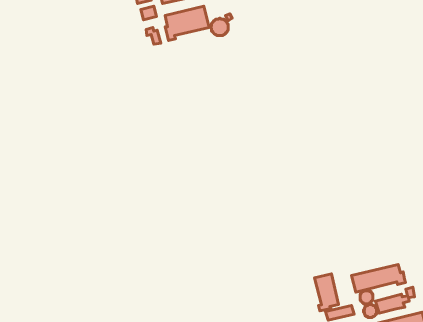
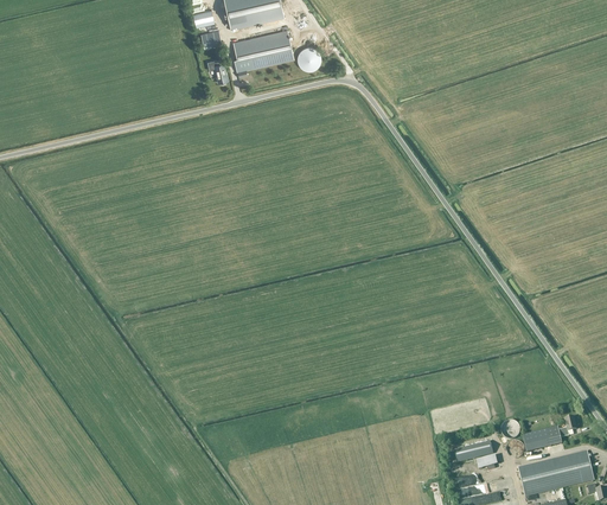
building: [352,264,406,292] -> none
building: [315,274,339,311] -> none

